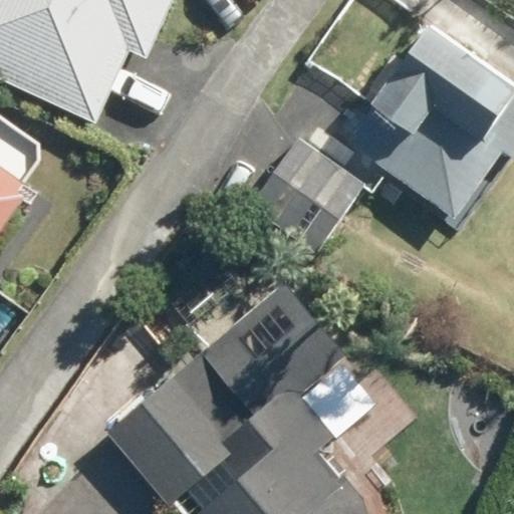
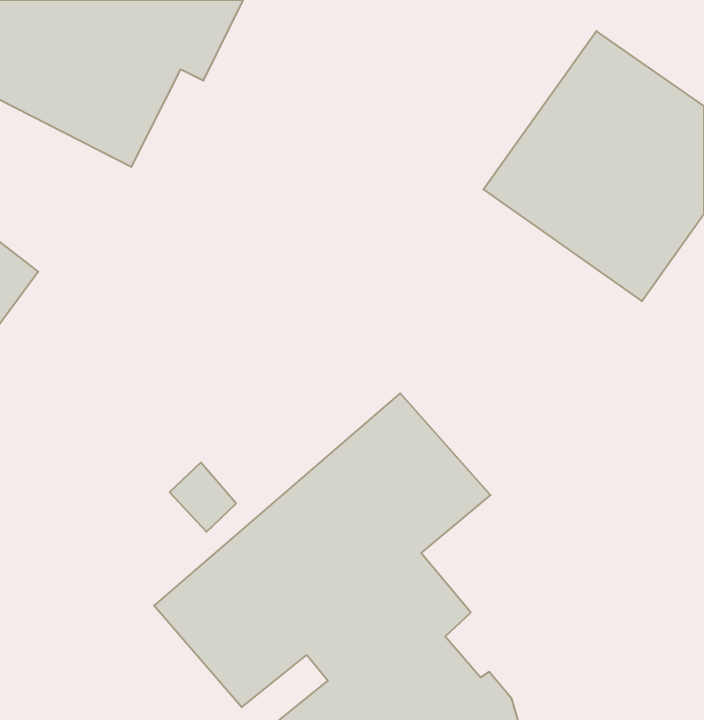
building: [250,139,364,255] -> none

